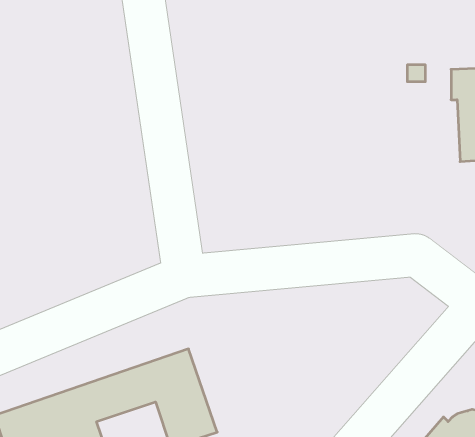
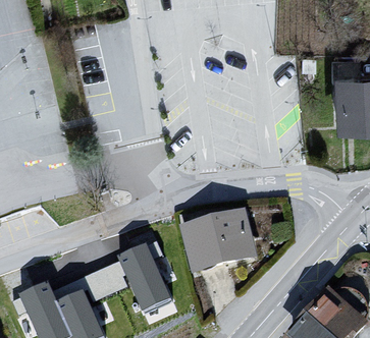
building: none -> [188,215,253,269]

